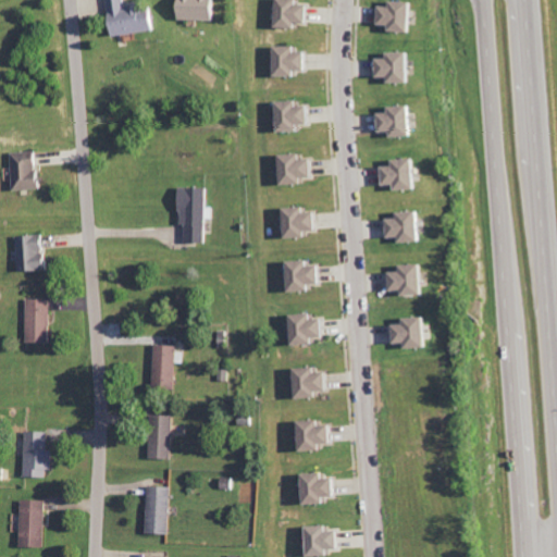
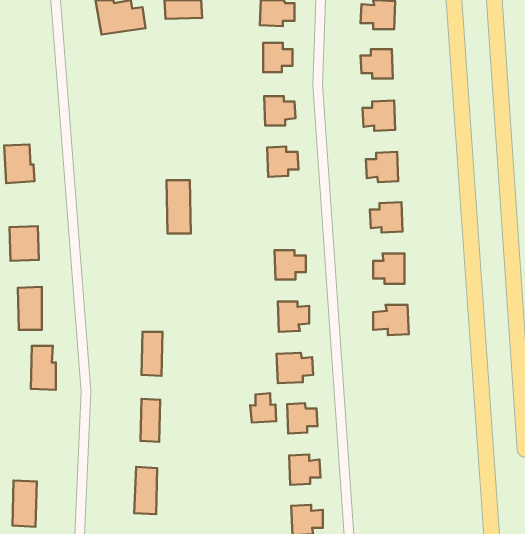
building: [275,208,314,238] -> none
building: none -> [250,393,276,423]
building: [17,433,44,479] -> [31,346,56,390]

